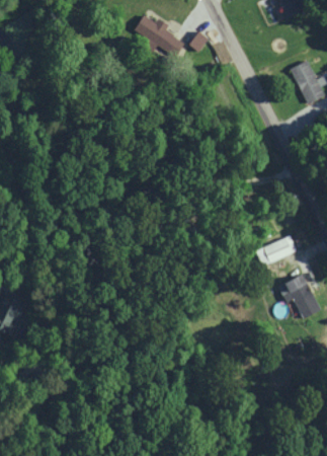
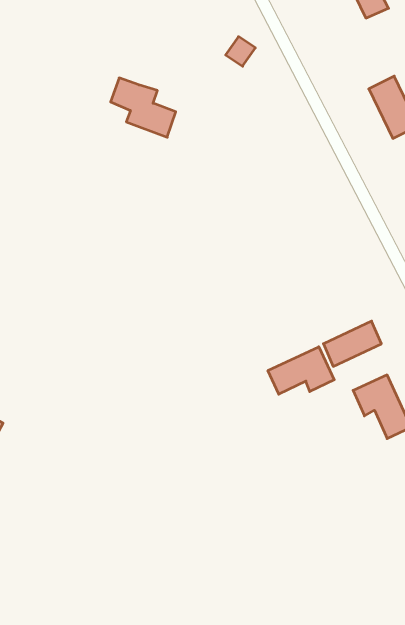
building: [135,14,181,57] -> [111,78,176,137]
building: none -> [268,347,334,394]

